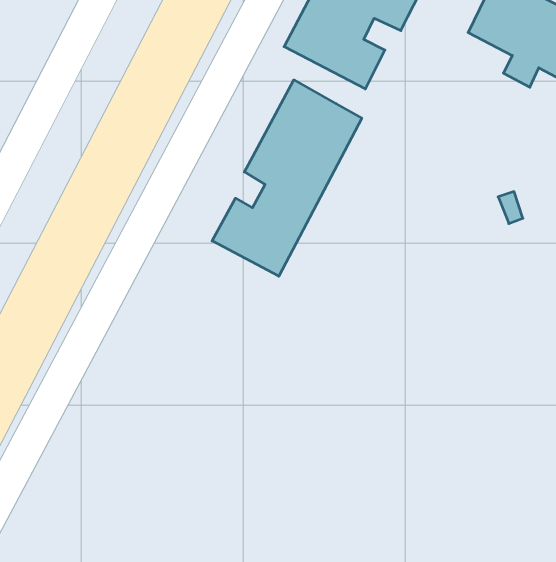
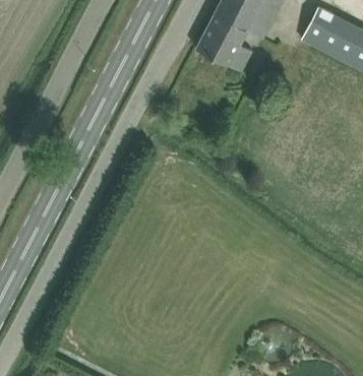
building: [212,80,362,276] -> none

